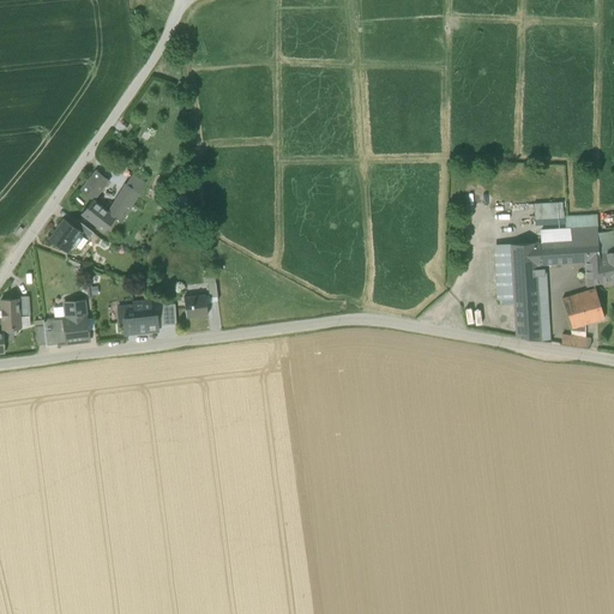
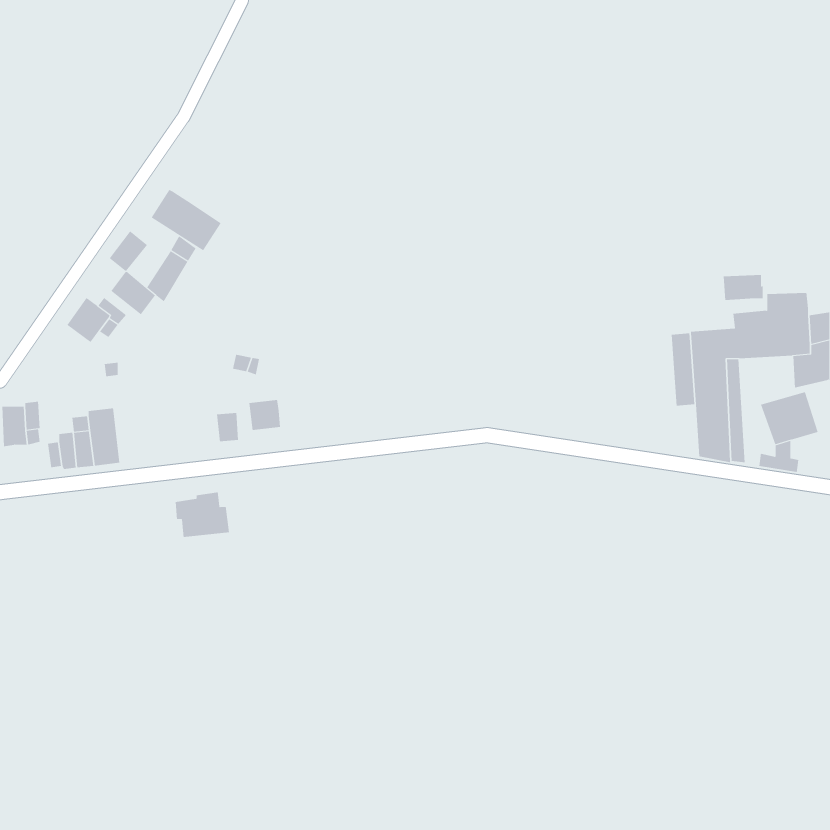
building: none -> [151,189,222,251]
building: [118,301,158,335] -> [175,492,230,537]

